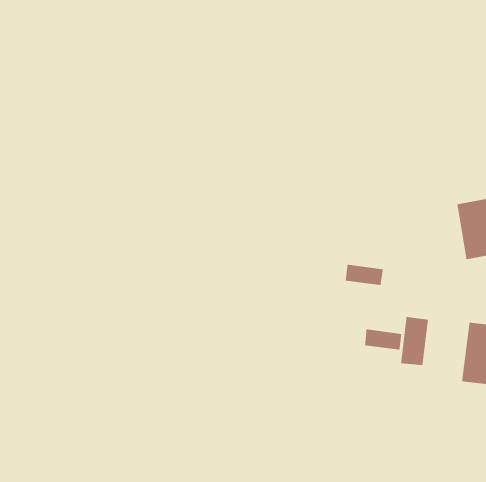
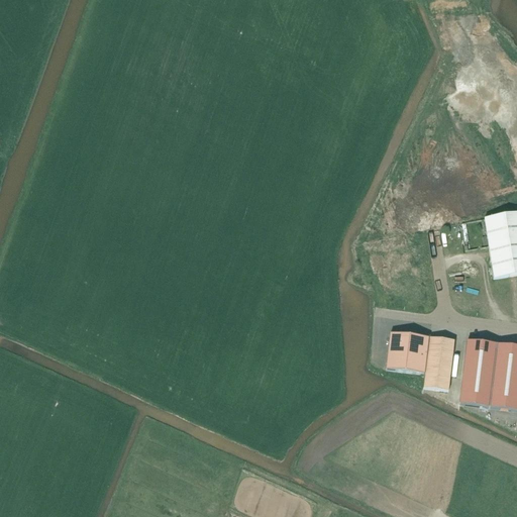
building: [345,264,384,286] -> [389,330,430,353]
building: none -> [460,338,498,405]

